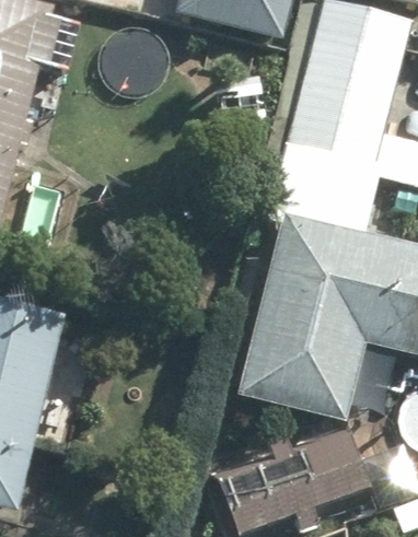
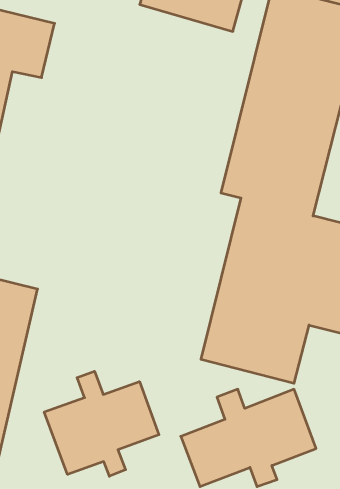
building: none -> [44,371,159,476]

